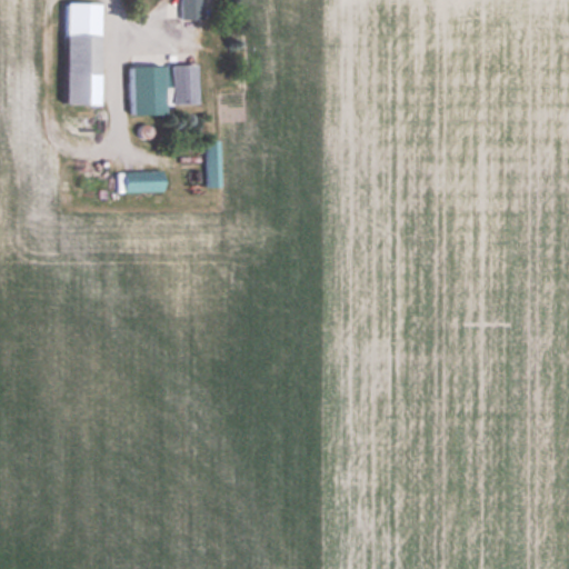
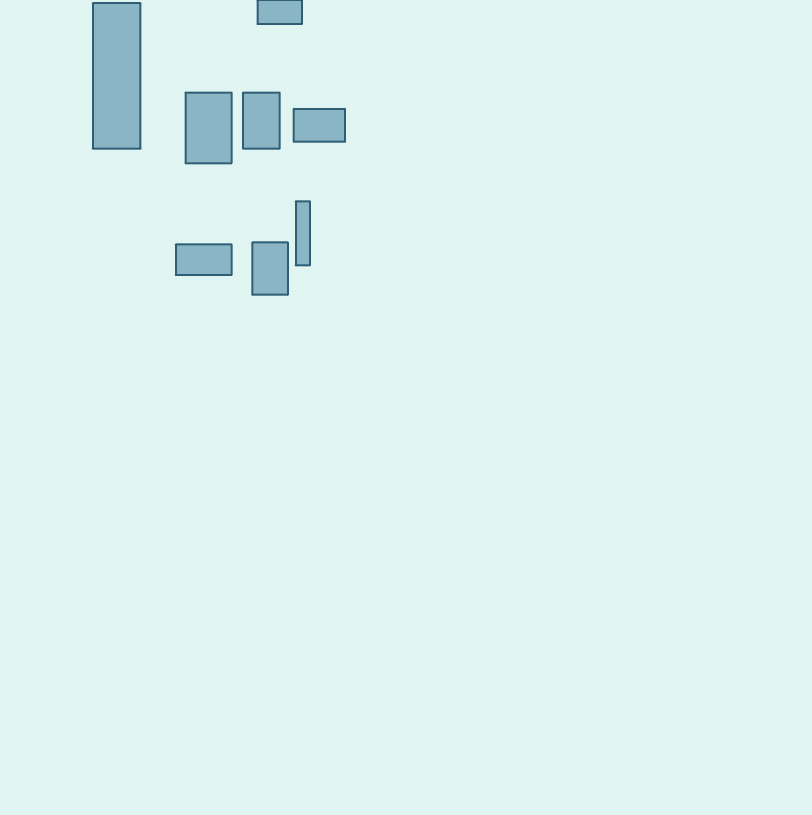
building: none -> [294,109,345,142]
building: none -> [253,242,288,295]

